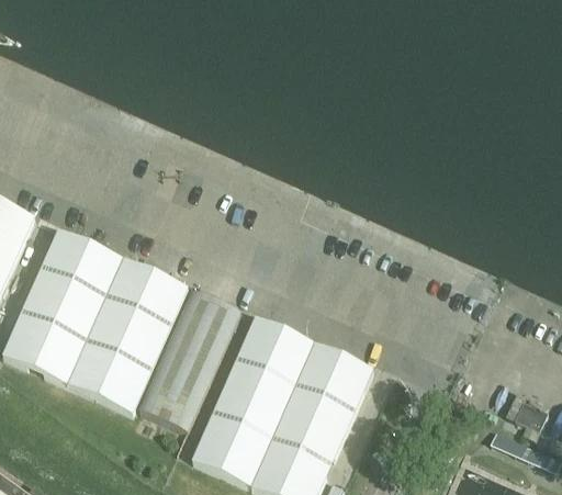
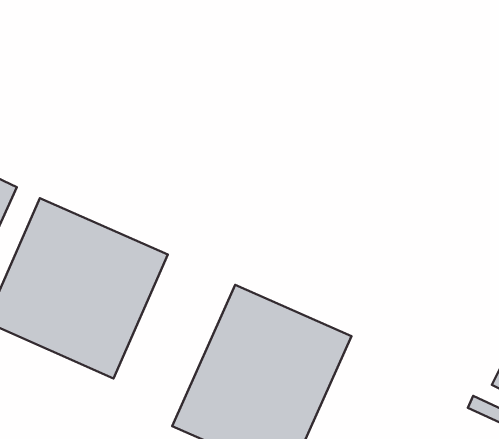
building: [139,289,241,430] -> none

